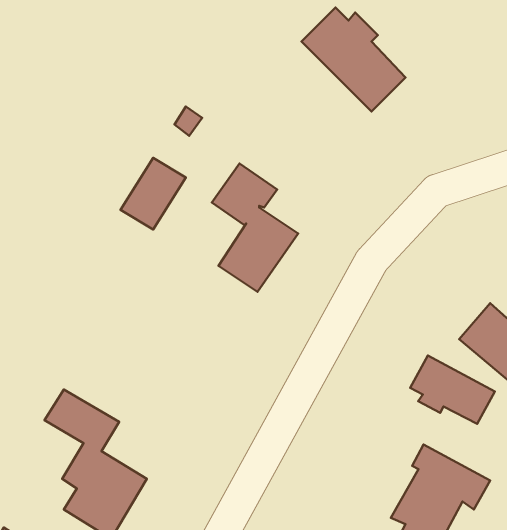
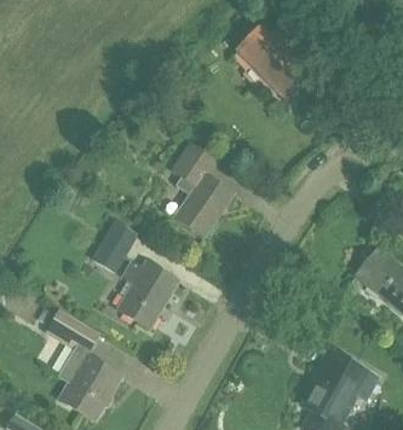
building: [121,158,186,229] -> [90,220,138,273]
building: none -> [117,260,178,329]
building: [410,356,495,424] -> none

